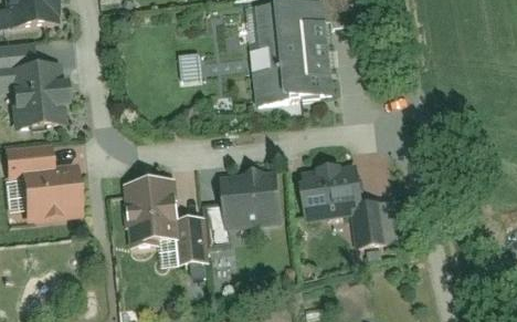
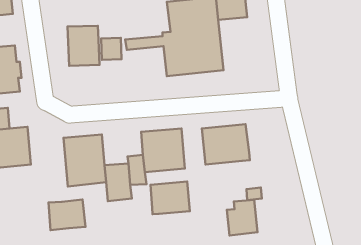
building: none -> [67,26,100,66]
building: [355,198,394,245] -> [227,200,258,236]
building: none -> [151,182,190,214]
building: none -> [48,200,86,230]

